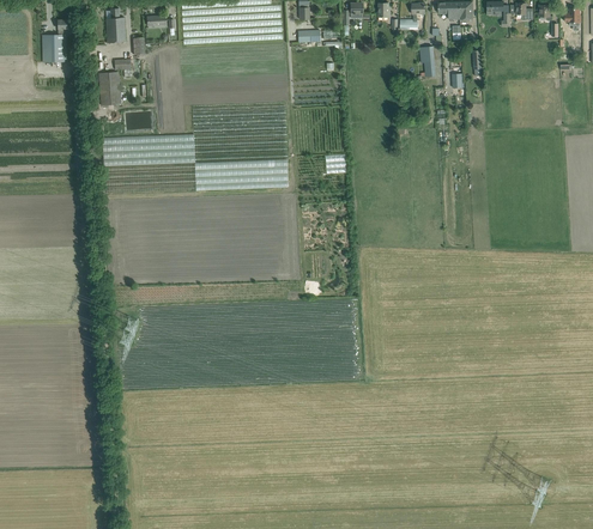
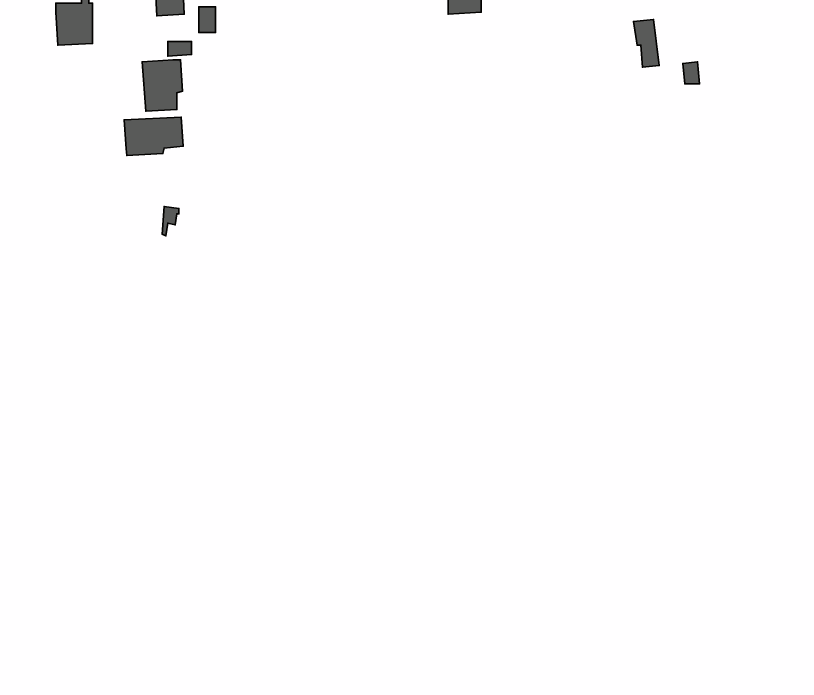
building: none -> [124,117,183,156]

